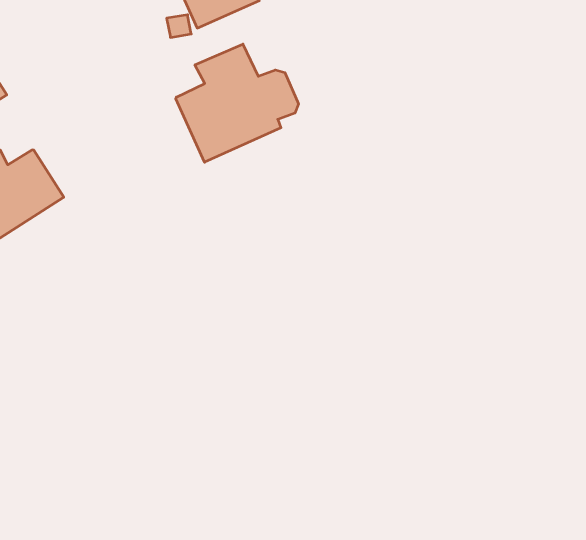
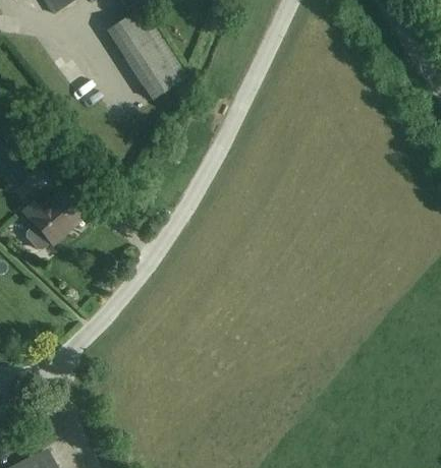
building: [176,44,298,162] -> none

